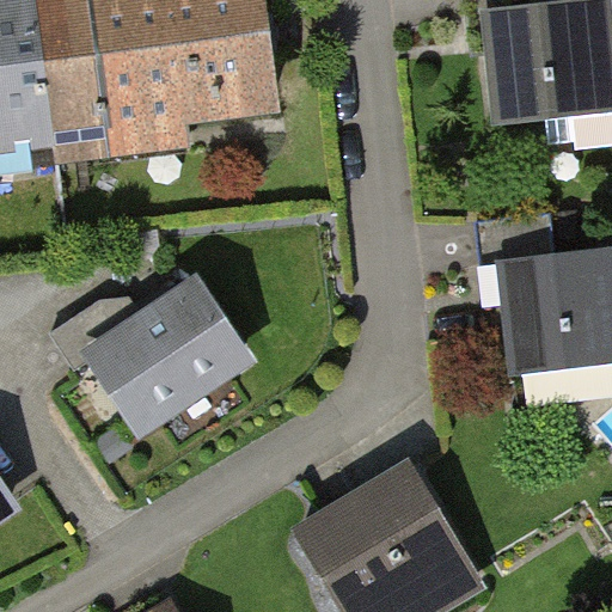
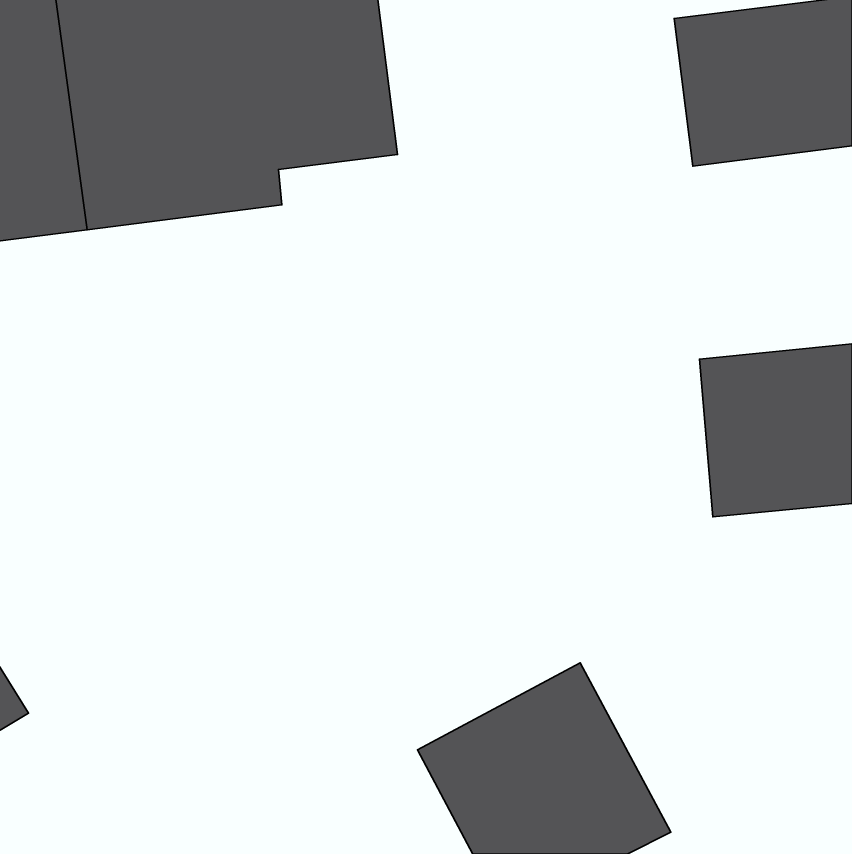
building: [80,277,251,435] -> none

